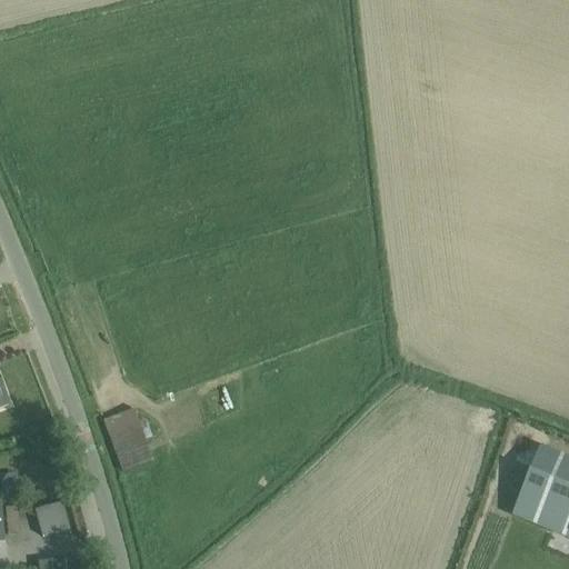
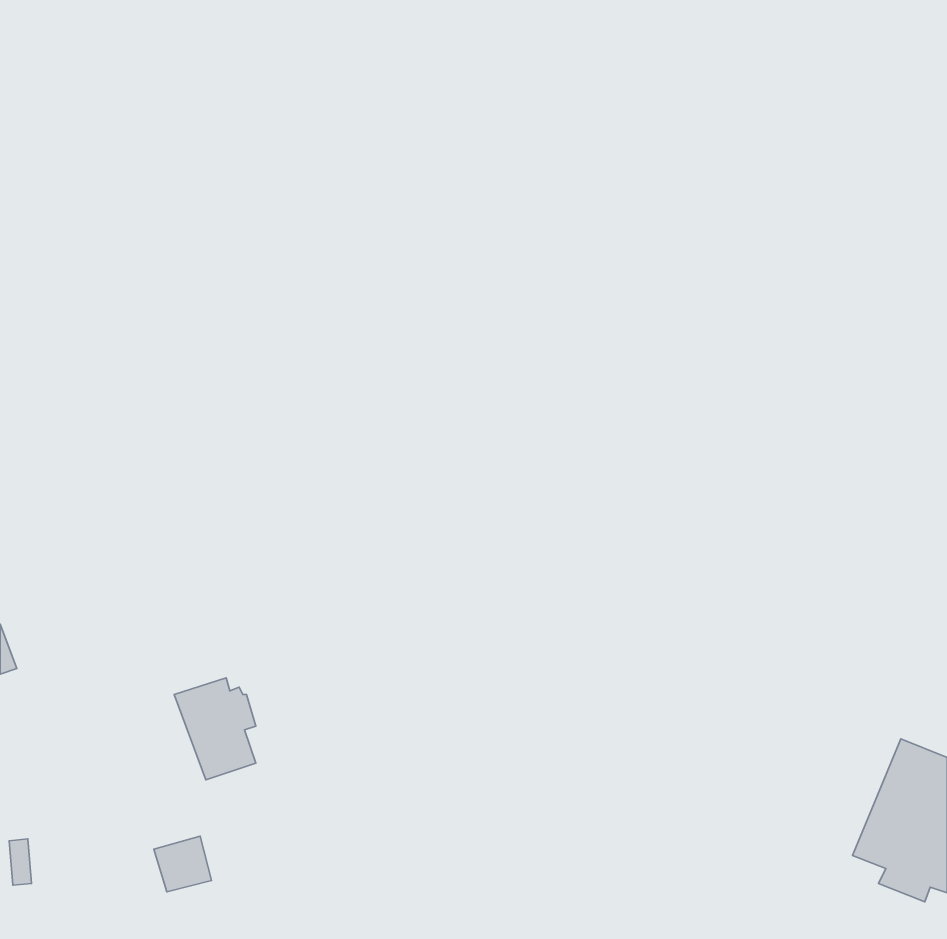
building: [34,500,69,533] -> [154,836,211,892]

